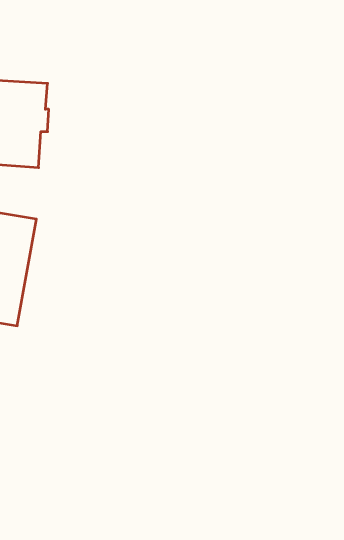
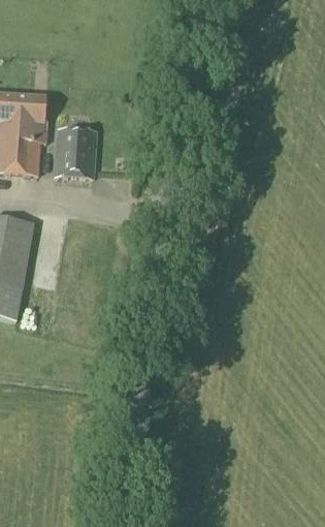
building: none -> [55,126,96,178]

